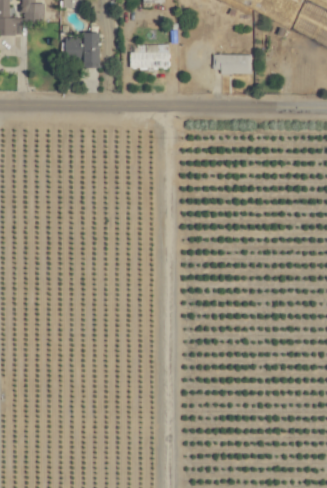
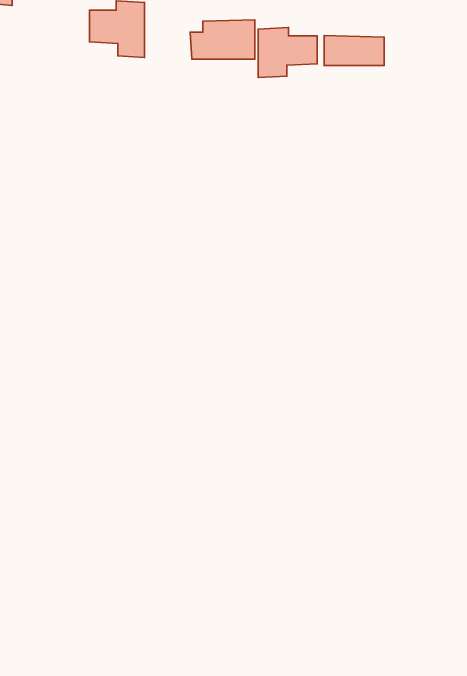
building: none -> [258,28,317,78]

